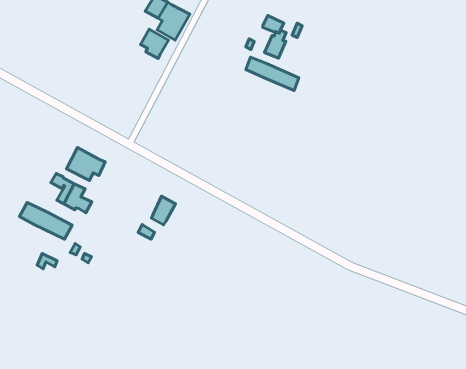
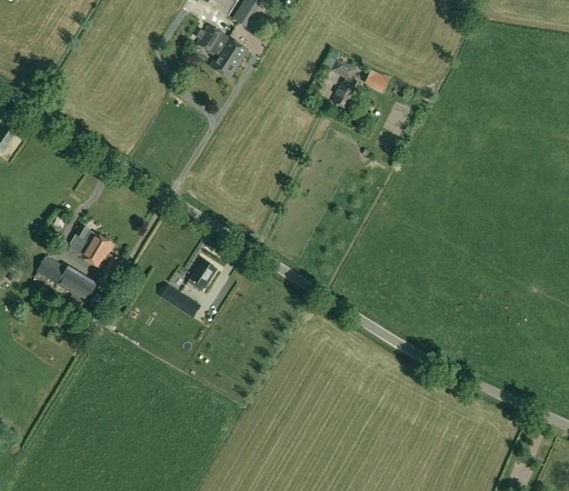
building: [141,29,169,58] -> none
building: [246,57,299,90] -> none
building: [66,147,105,180] -> none

